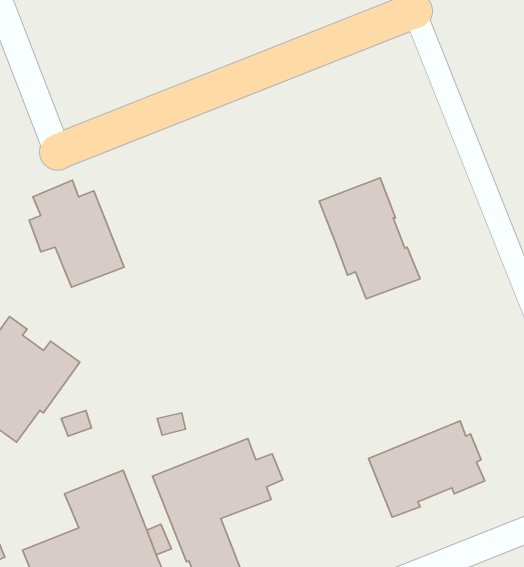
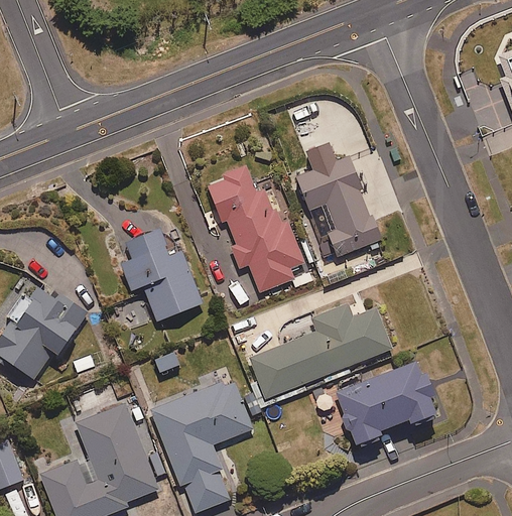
building: [29,180,124,287] -> [121,229,203,320]
building: none -> [207,167,306,293]
building: none -> [249,302,394,399]

